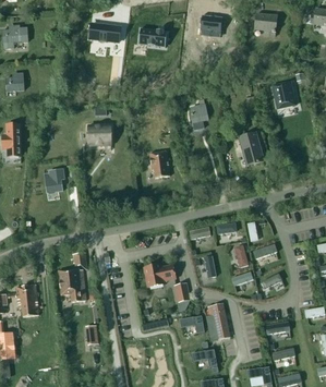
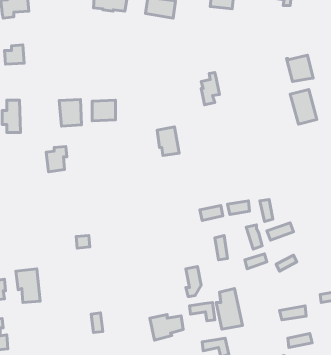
building: none -> [59,100,82,126]
building: [239,133,264,166] -> [290,90,317,124]
building: [144,264,176,288] -> [150,315,183,340]
building: [58,267,86,301] -> none

